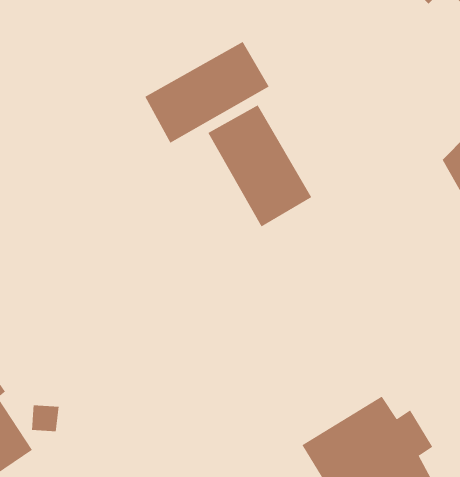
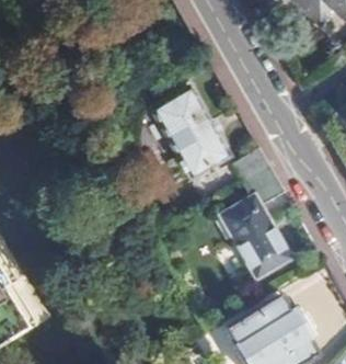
building: [145,41,269,143] -> none
building: none -> [219,163,293,277]

